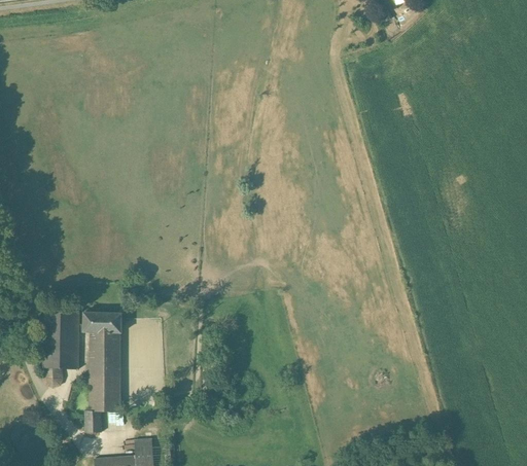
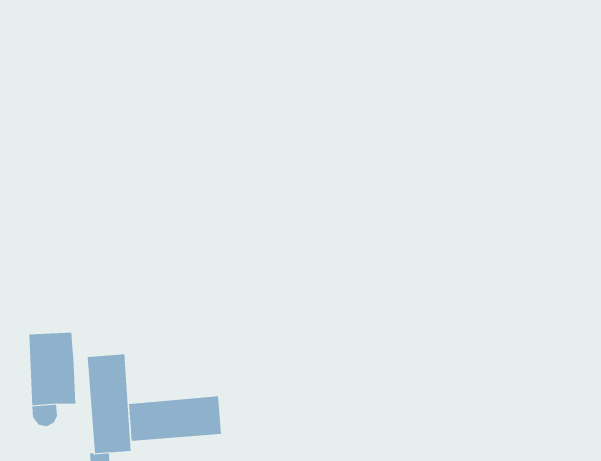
building: [79,312,120,331] -> none
building: none -> [128,395,221,442]

